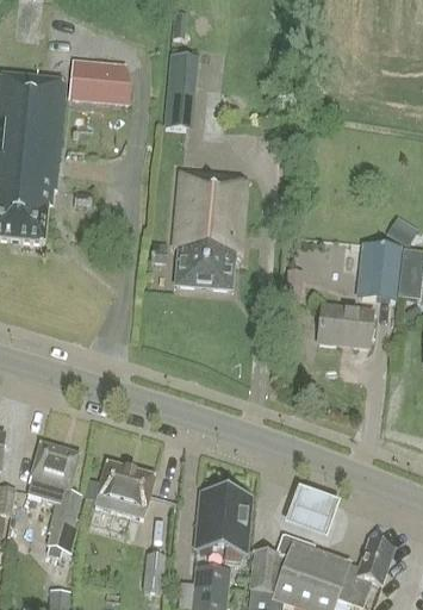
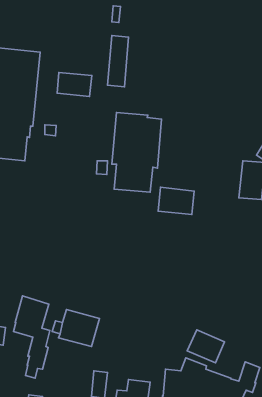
building: [73,62,124,98] -> [57,72,92,96]
building: [318,305,372,346] -> [158,187,194,215]
building: [195,488,251,554] -> none

